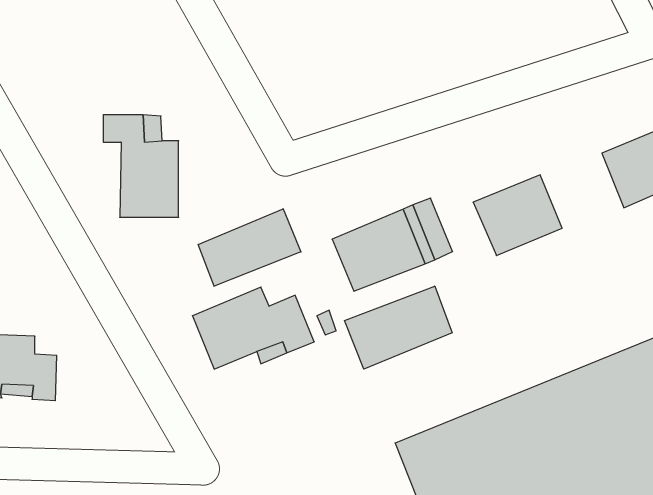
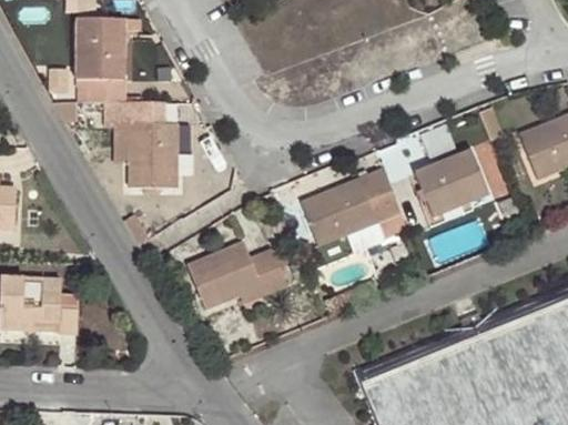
building: none -> [78,19,125,102]
building: [198,209,301,286] -> none
building: [345,286,452,369] -> none

